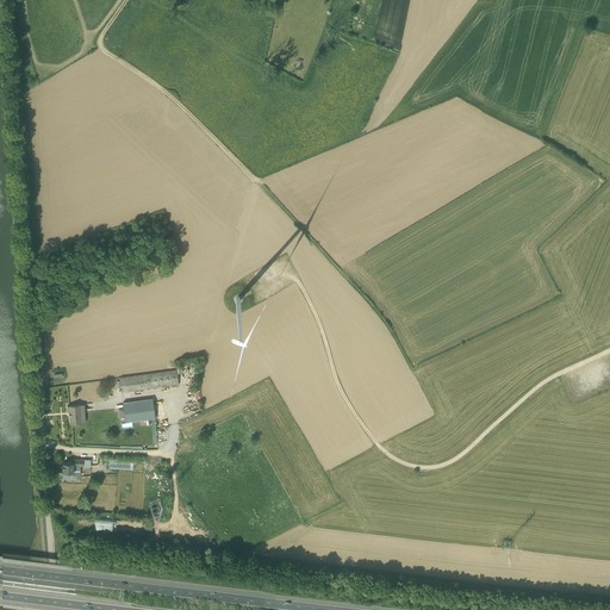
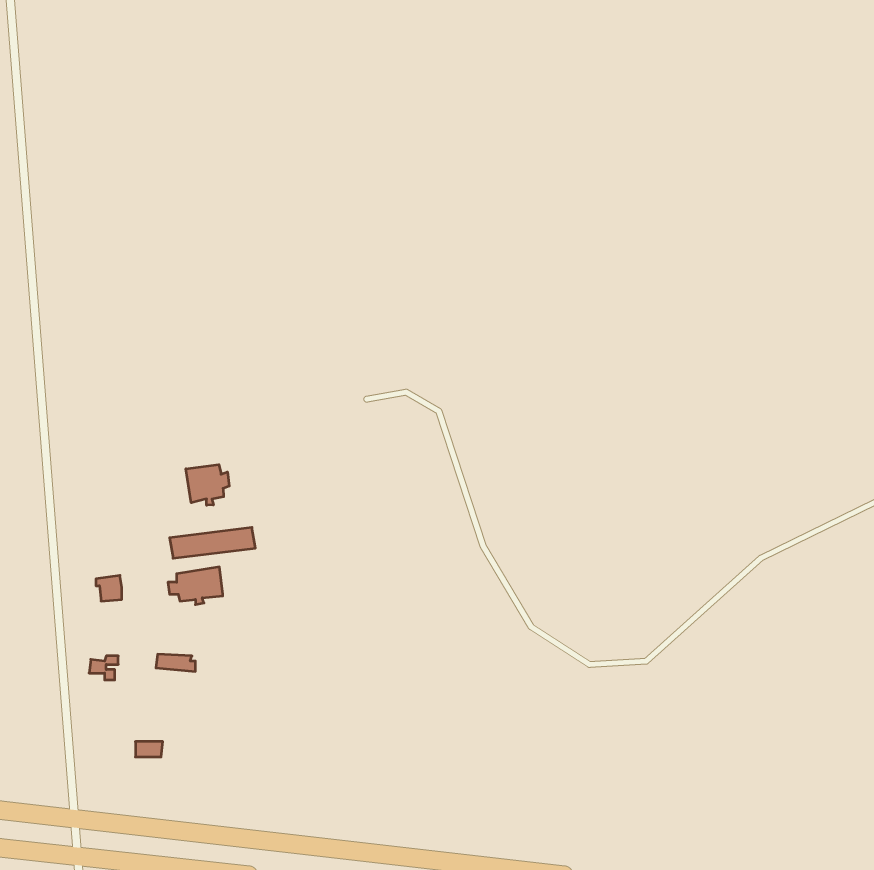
building: none -> [186,465,229,505]

